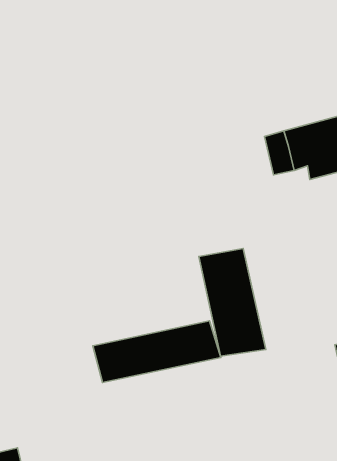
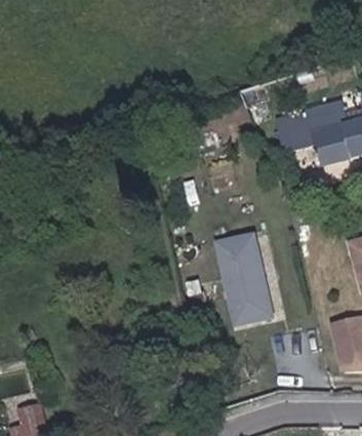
building: [93,321,221,382] -> none

